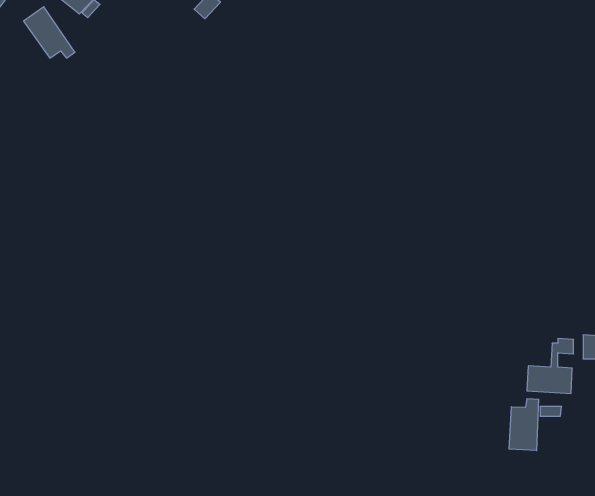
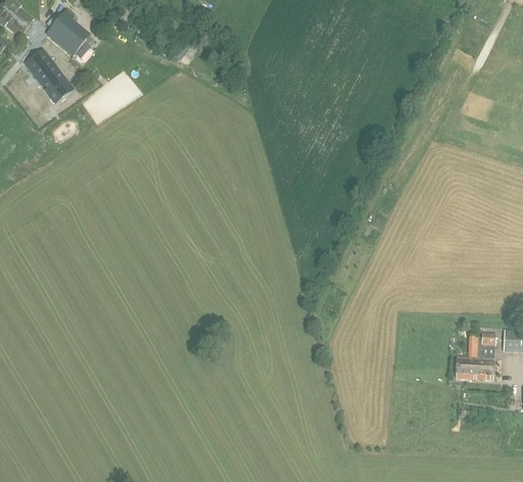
building: [509,399,539,451] -> none

